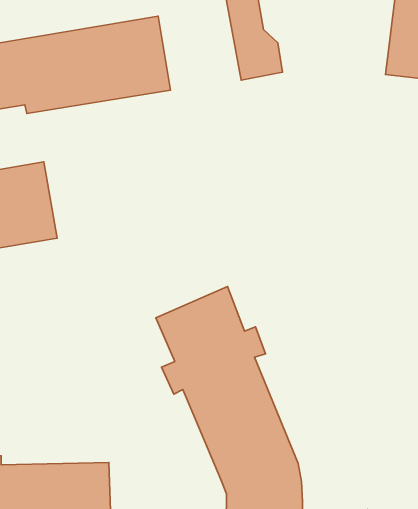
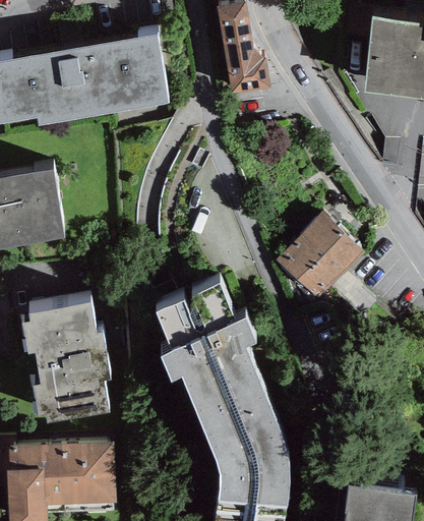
building: none -> [276,212,362,298]
building: none -> [23,301,111,421]

